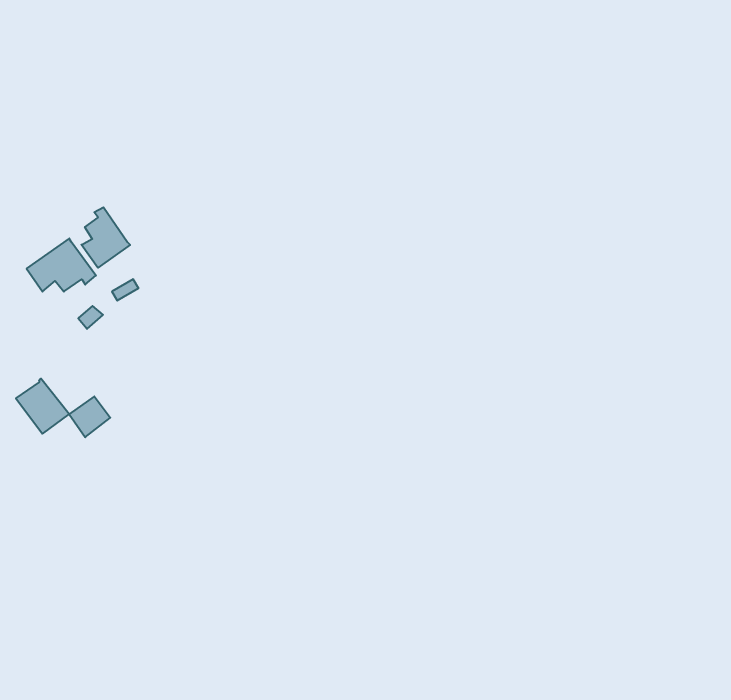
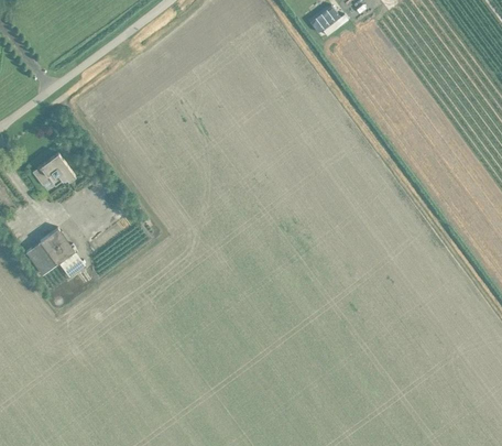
building: [81,207,130,268] -> none
building: none -> [42,229,75,263]

